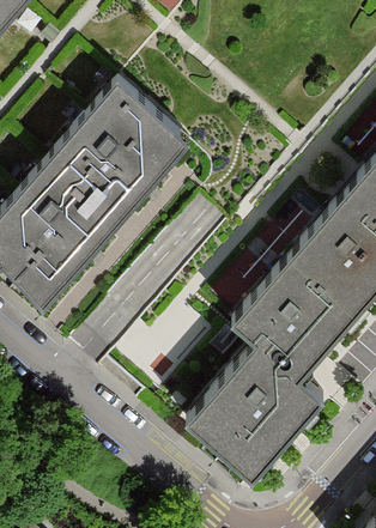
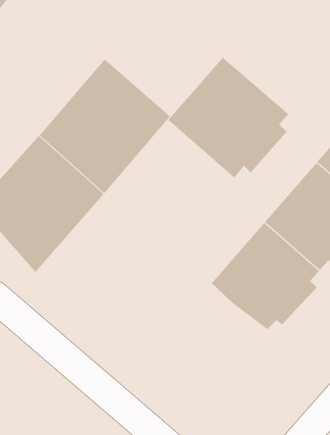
building: none -> [168,57,289,179]
building: [184,344,322,480] -> none

